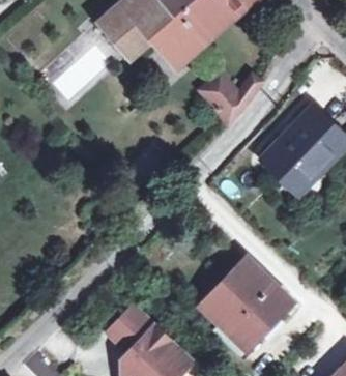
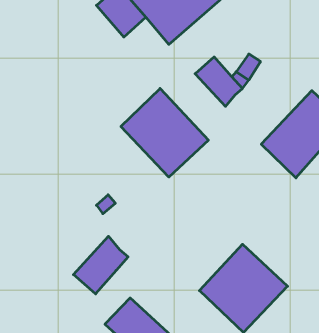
building: none -> [121,88,208,177]
building: none -> [73,236,128,294]

